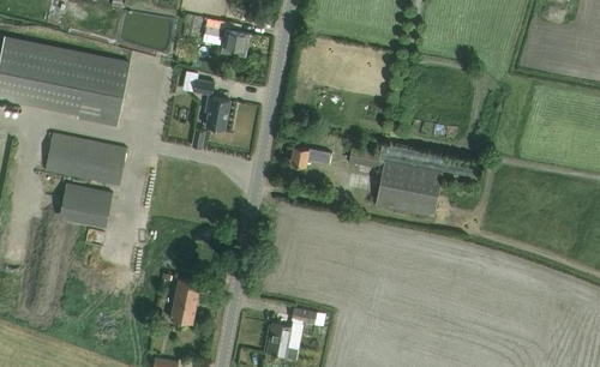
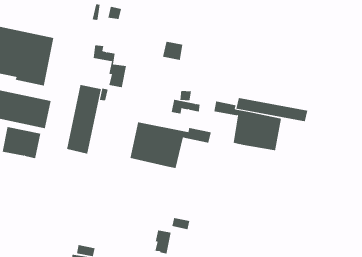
building: [220,28,248,54] -> [162,41,183,60]
building: none -> [67,84,101,155]
building: none -> [130,122,211,169]
building: [169,278,199,323] -> none

